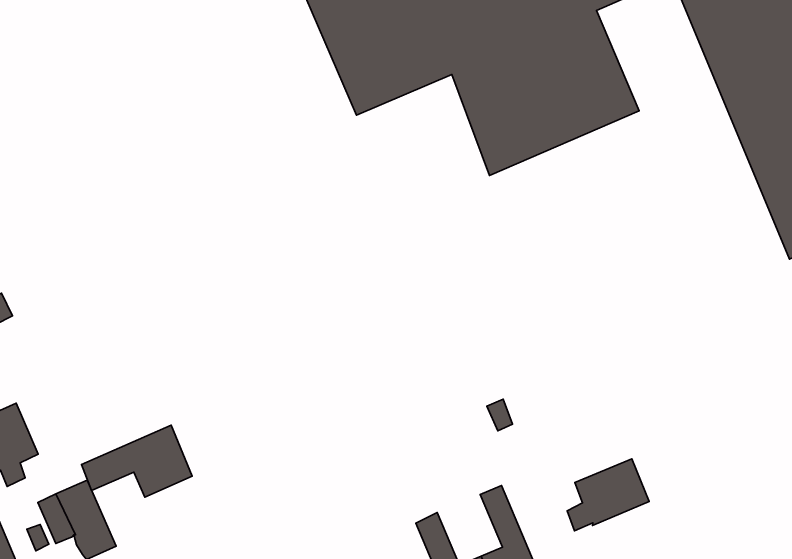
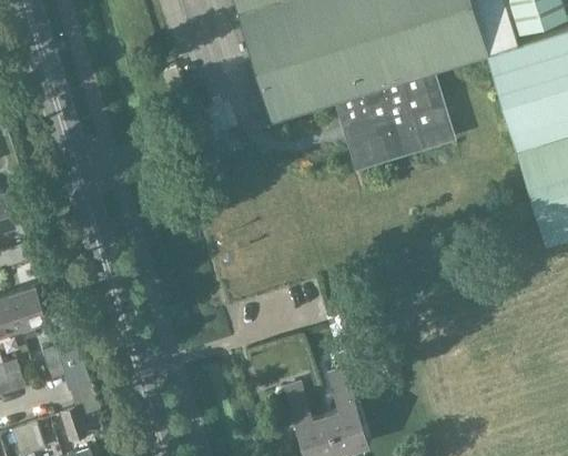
building: [82,425,192,497] -> none
building: [567,459,649,531] -> none

